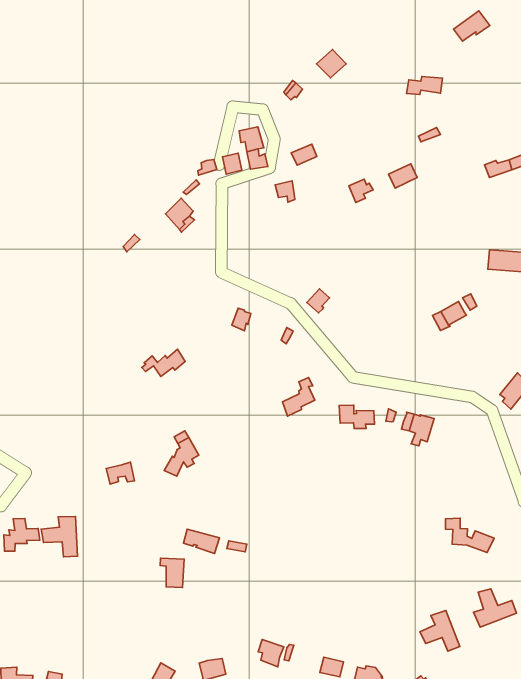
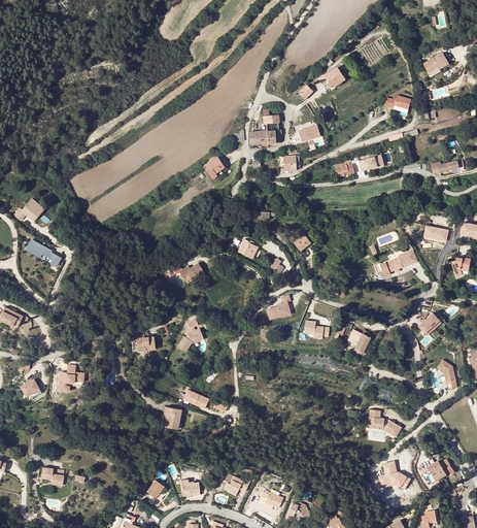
building: [41,517,77,557] -> none
building: [420,610,460,651] -> none

